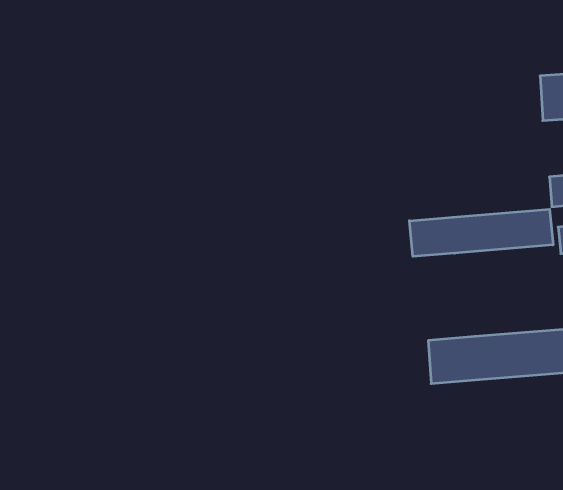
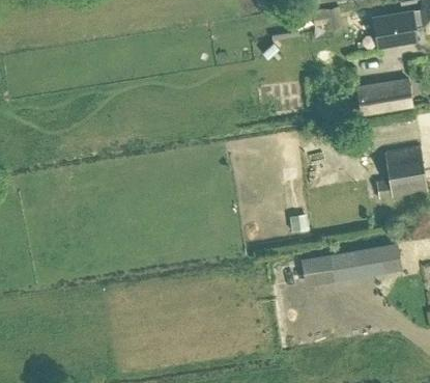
building: [409,209,553,256] -> none

